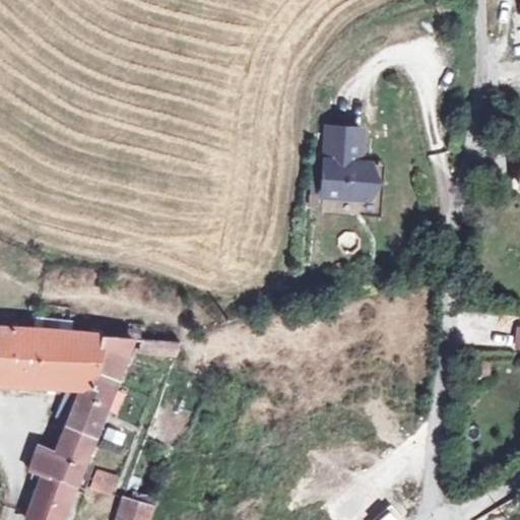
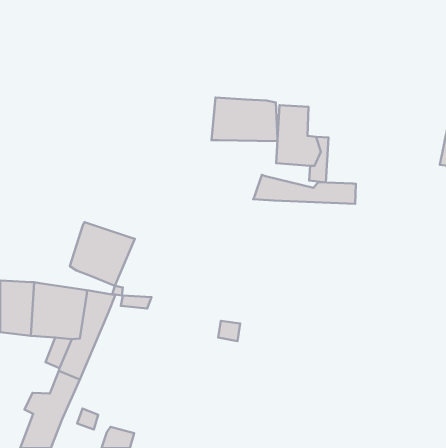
building: none -> [212,98,277,141]
building: none -> [253,175,356,204]
building: none -> [70,222,135,286]

